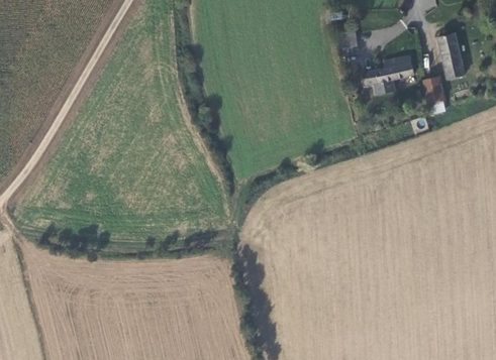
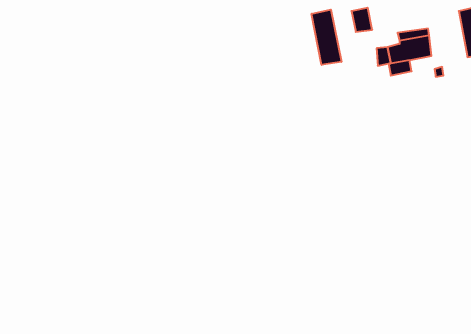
building: none -> [312,10,341,65]
building: [424,77,444,104] -> none

